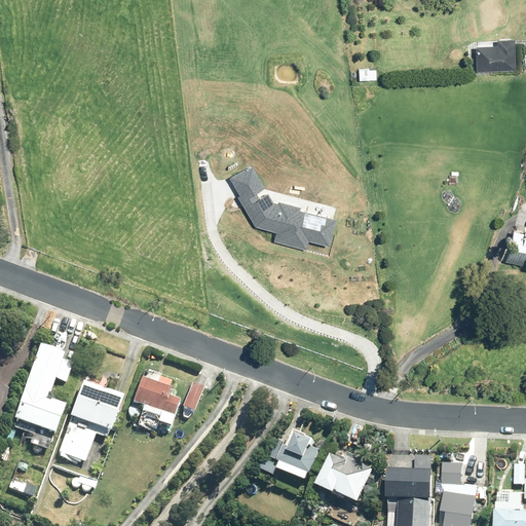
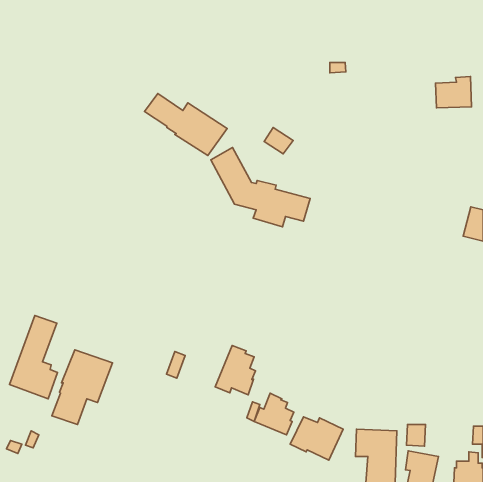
building: [475,38,514,72] -> [436,76,471,108]
building: none -> [145,94,227,156]
building: none -> [264,127,293,154]
building: none -> [215,346,255,395]
building: [132,377,179,427] -> none

